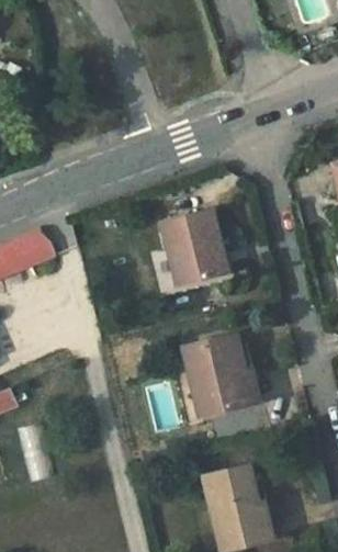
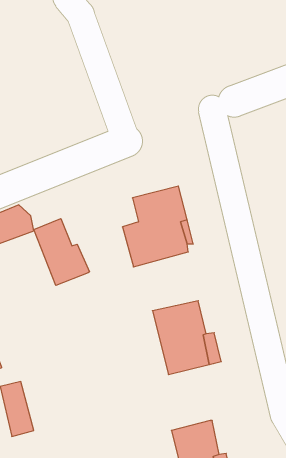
building: none -> [34,219,89,285]

